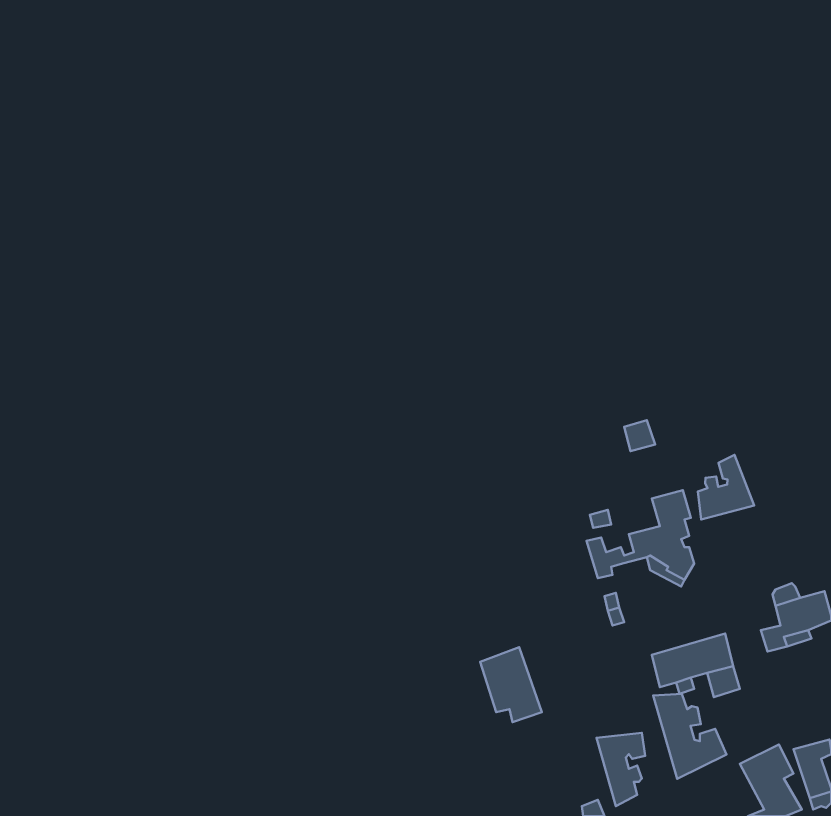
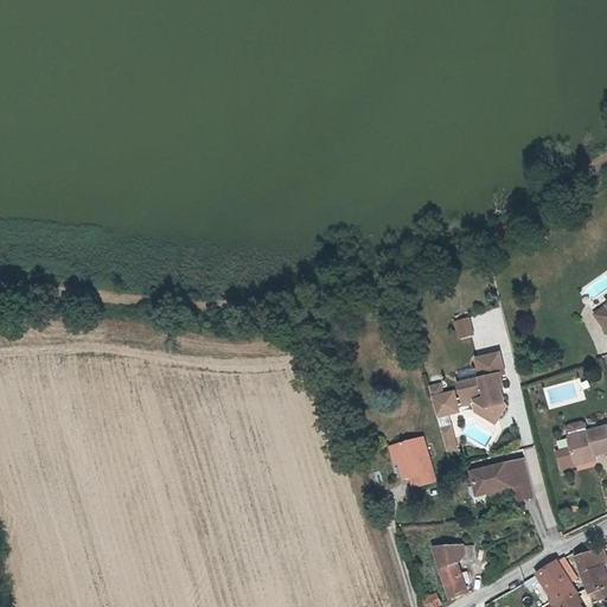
building: [698,455,754,519] -> none
building: [480,647,542,722] -> [389,433,434,487]
building: [653,694,727,779] -> none

